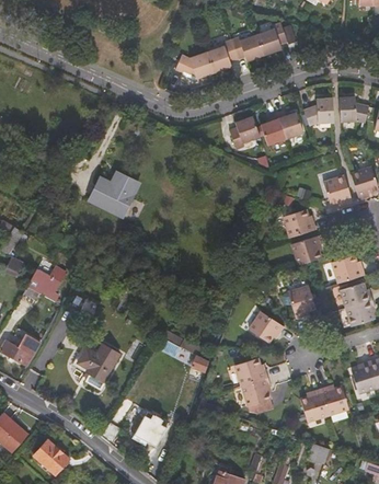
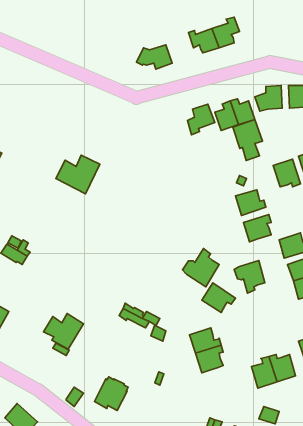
building: [208,42,238,74] -> none
building: none -> [233,119,263,161]
building: none -> [182,248,219,287]

